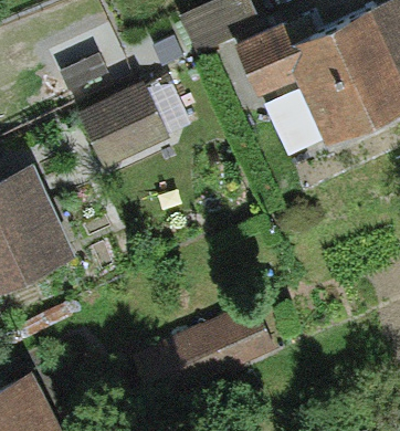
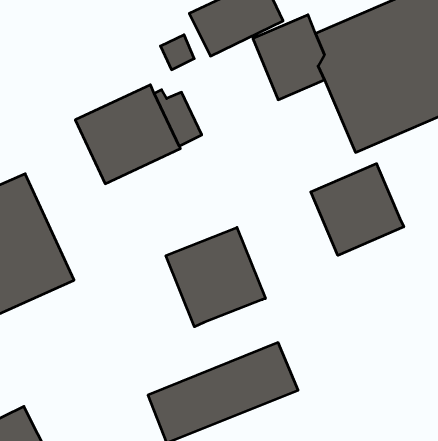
building: none -> [311,164,404,255]
building: none -> [166,227,265,327]

